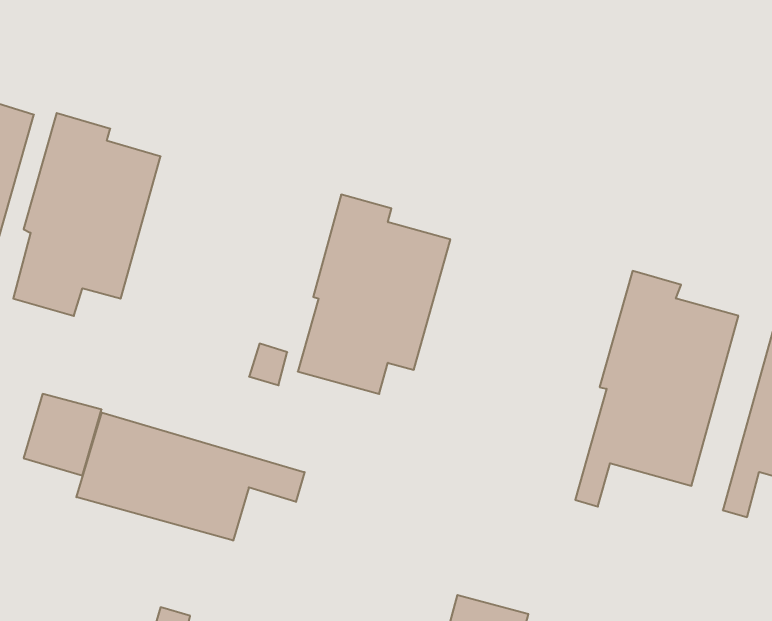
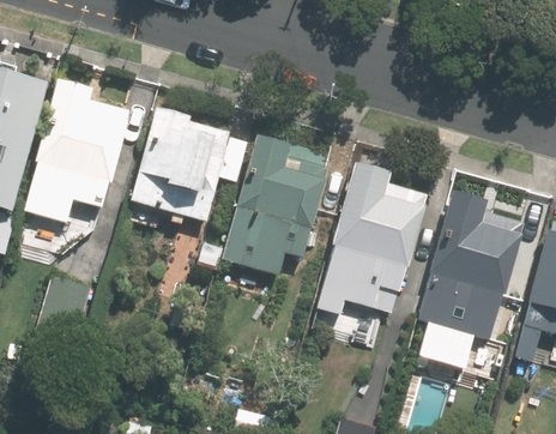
building: none -> [129,110,248,225]
building: none -> [318,165,427,314]
building: [76,412,305,541] -> none

